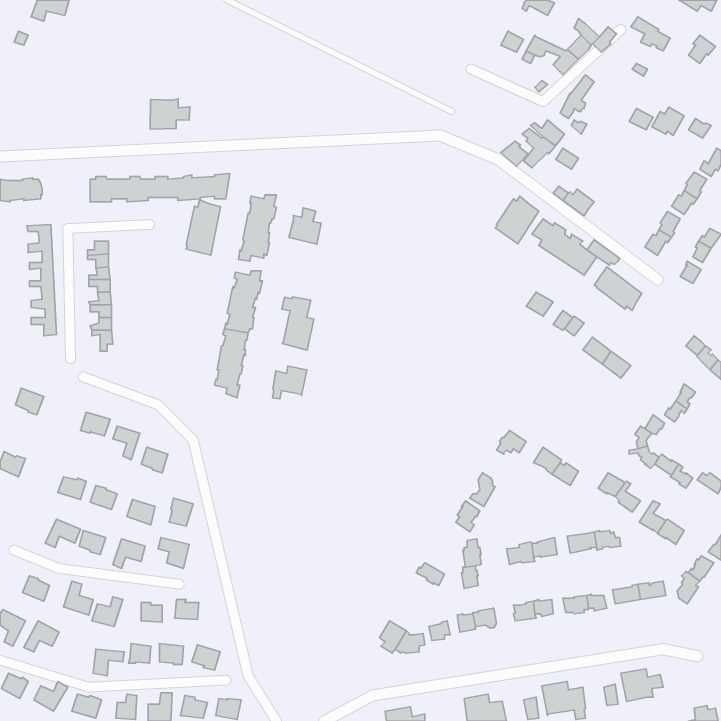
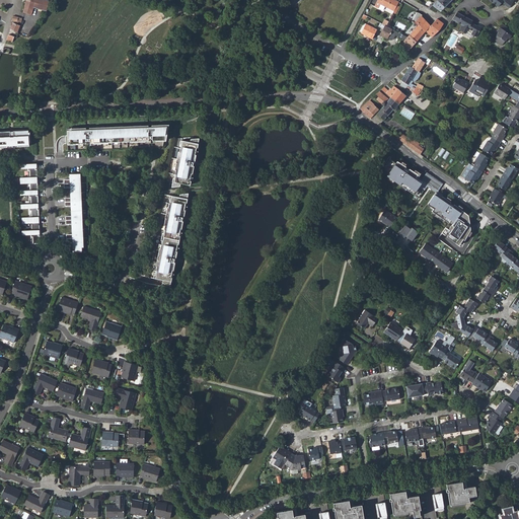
building: [150,99,190,129] -> none
building: [495,196,539,244] -> none
building: [186,200,221,255] -> none
building: [289,208,321,244] -> none
building: [282,297,314,350] -> none
building: none -> [443,217,470,246]
building: [272,366,307,399] -> none

